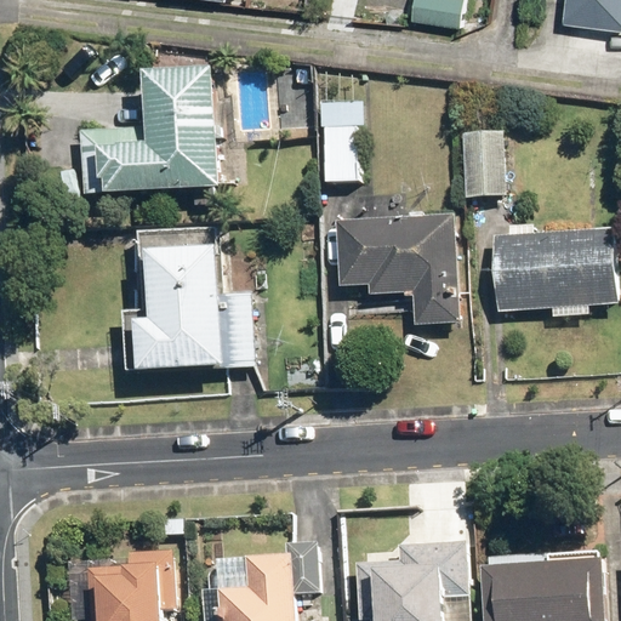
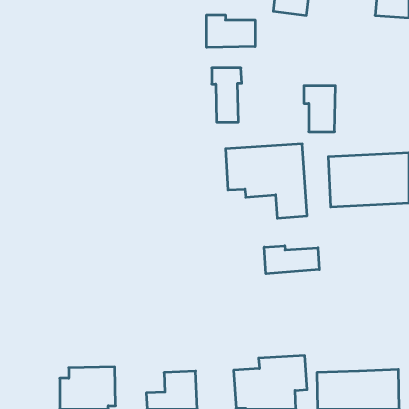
building: none -> [207,15,255,47]
building: [79,69,220,199] -> none
building: [124,230,256,375] -> none
building: none -> [264,246,319,274]

